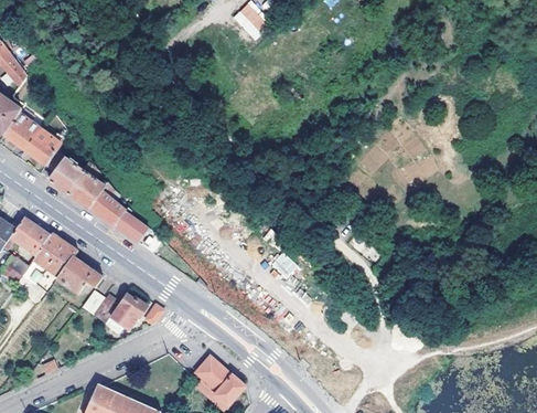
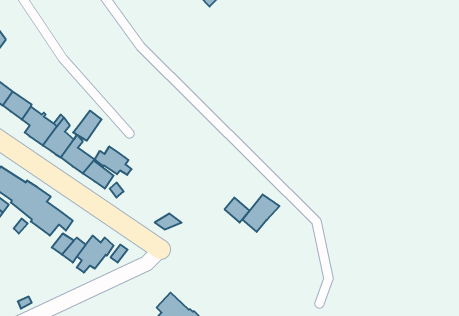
building: none -> [73,111,102,141]
building: none -> [95,146,132,175]
building: none -> [242,194,279,232]

